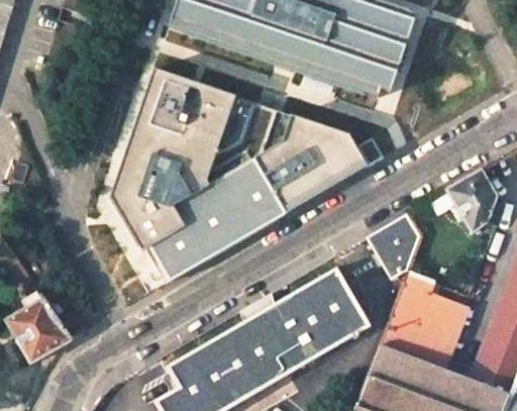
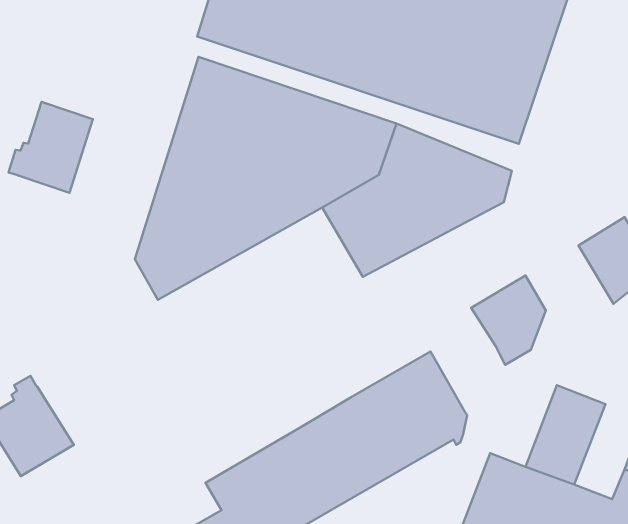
building: none -> [9,102,93,193]
building: [132,163,285,284] -> none
building: [380,273,434,355] -> none

